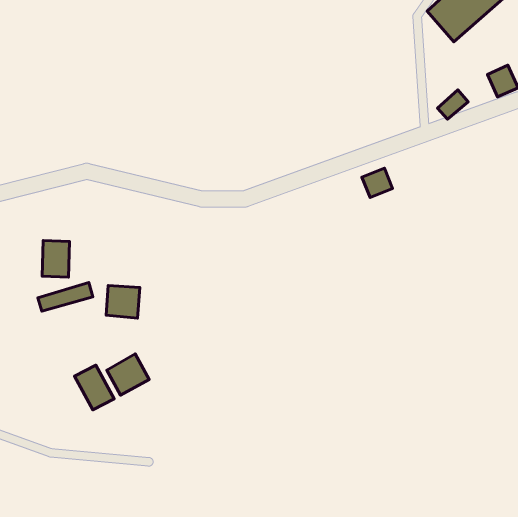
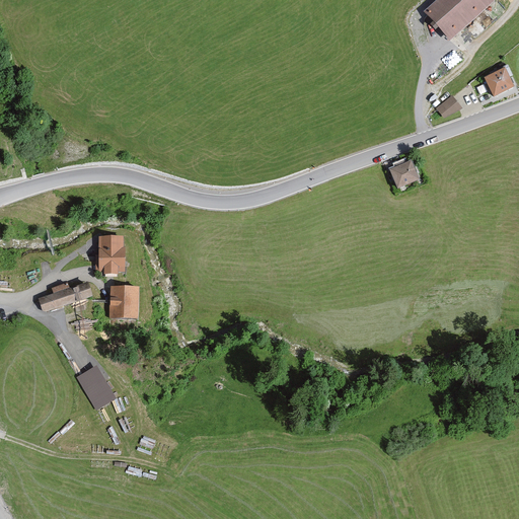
building: [362,168,393,198] -> [390,161,421,191]
building: [42,241,70,277] -> [96,234,124,271]
building: [107,354,149,395] -> none

